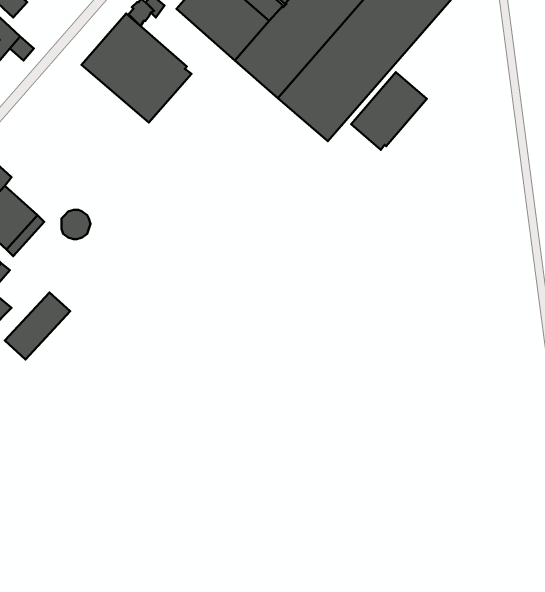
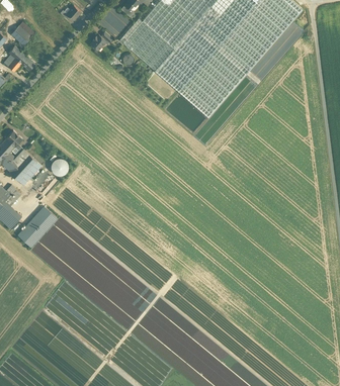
building: [82,14,191,122] -> none
building: [351,72,427,150] -> none

